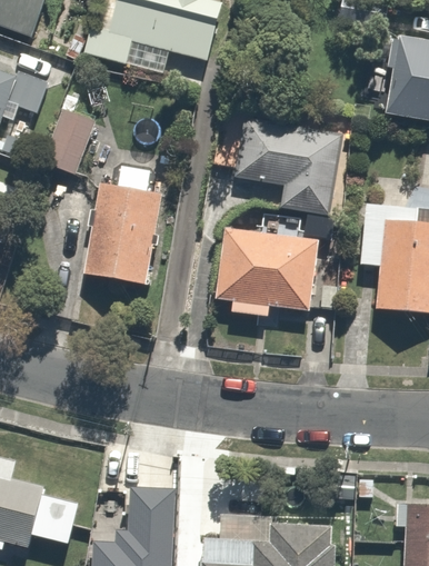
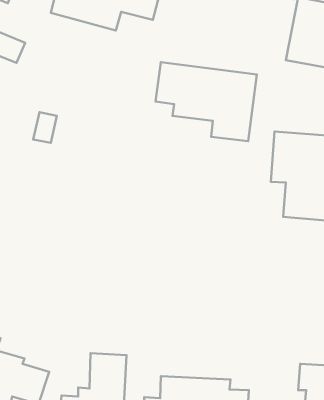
building: [40,103,99,176] -> none
building: [82,187,162,288] -> none
building: [211,227,318,317] -> none

